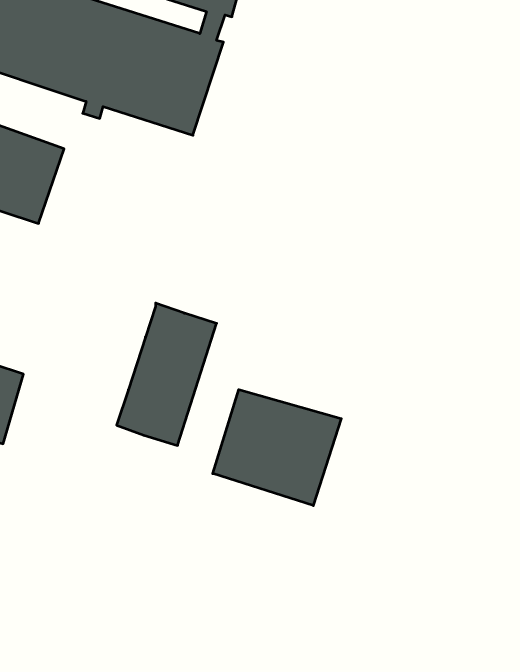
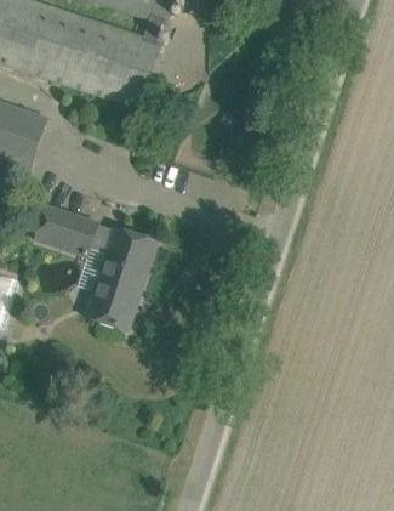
building: none -> [33,204,113,256]
building: [213,390,341,506] -> none

